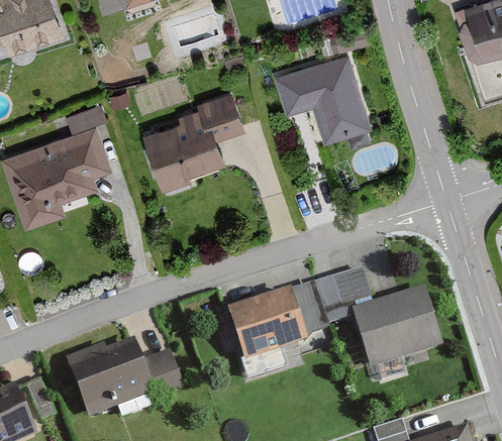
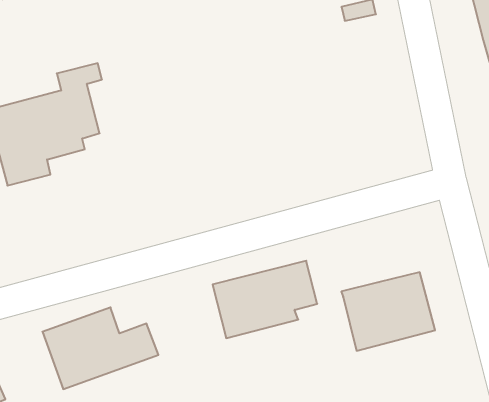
building: [273,53,370,143] -> none
building: [140,93,243,194] -> none
building: [315,267,386,324] -> none

